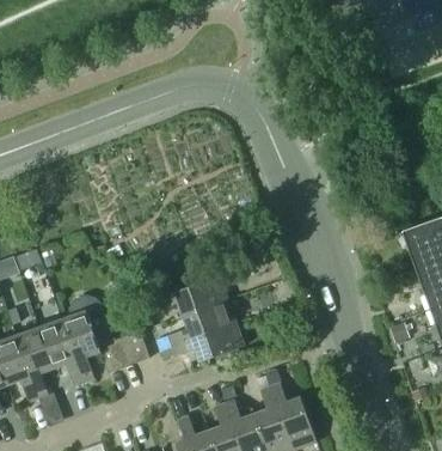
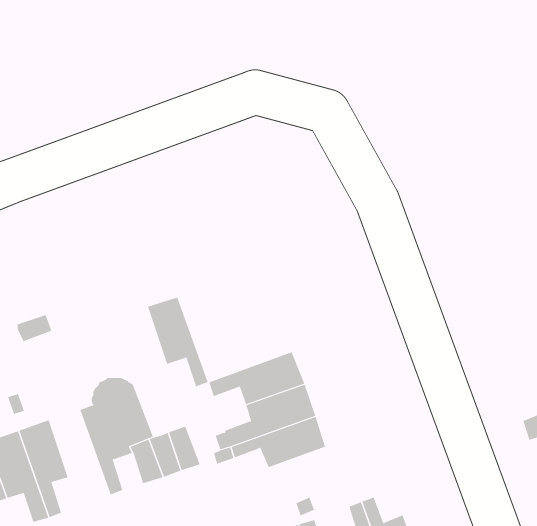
building: [37,318,82,385] -> [147,297,208,387]

